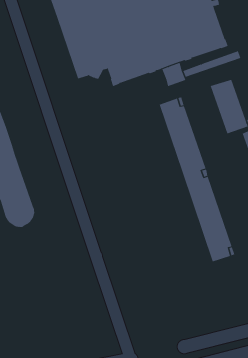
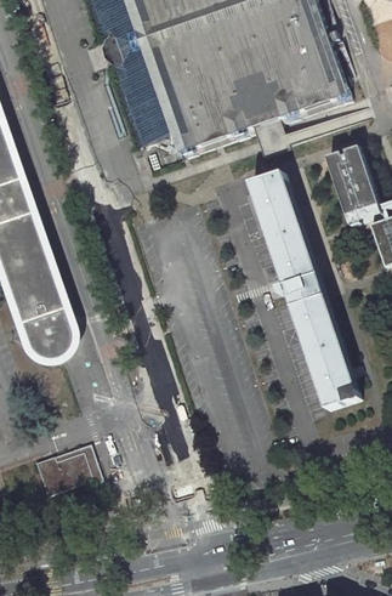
building: none -> [34,443,98,494]

